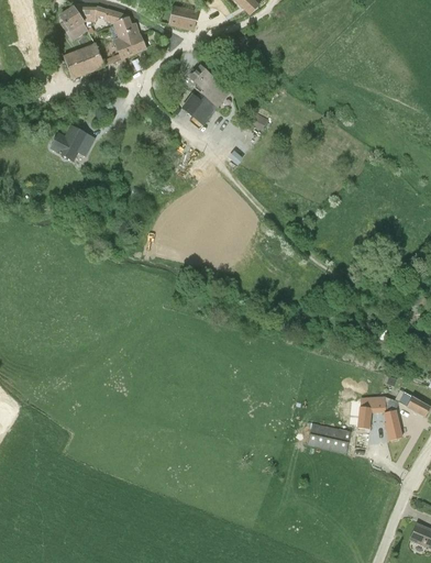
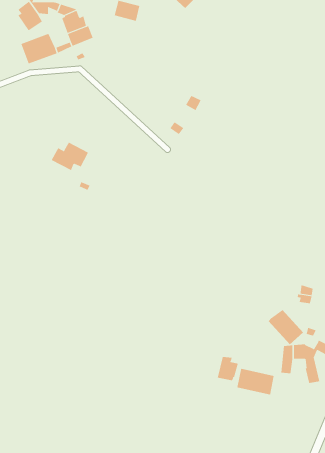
building: [183,67,230,124] -> none
building: [51,128,93,161] -> [51,142,89,171]
building: none -> [268,309,304,345]
building: none -> [217,356,239,381]

